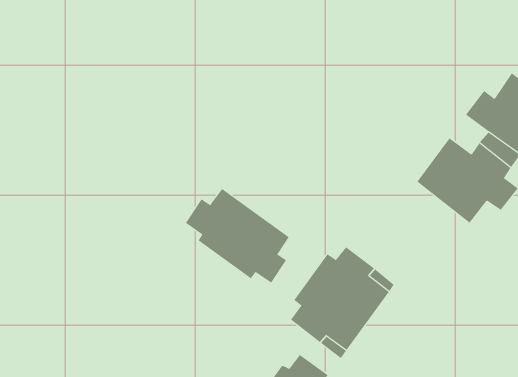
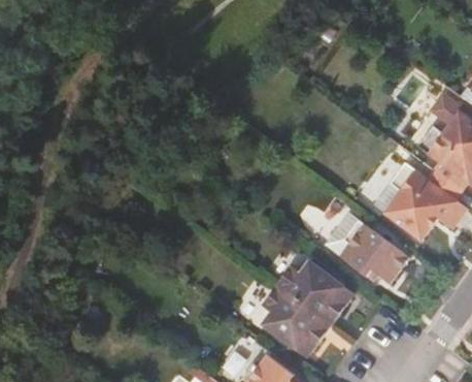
building: [185,188,290,283] -> none
building: none -> [315,213,409,285]

